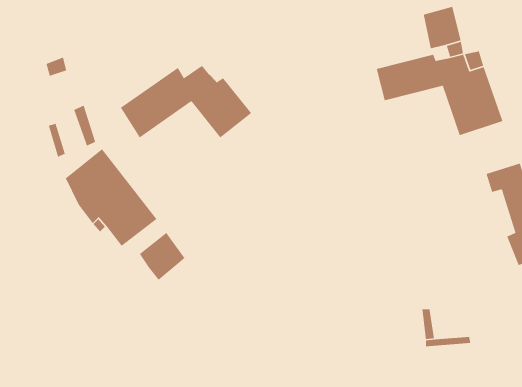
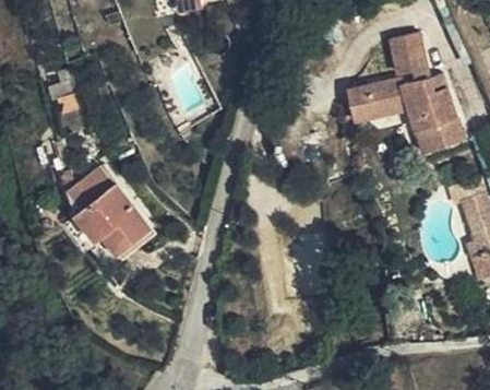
building: [120,65,252,138] -> none
building: [139,232,186,281] -> none

